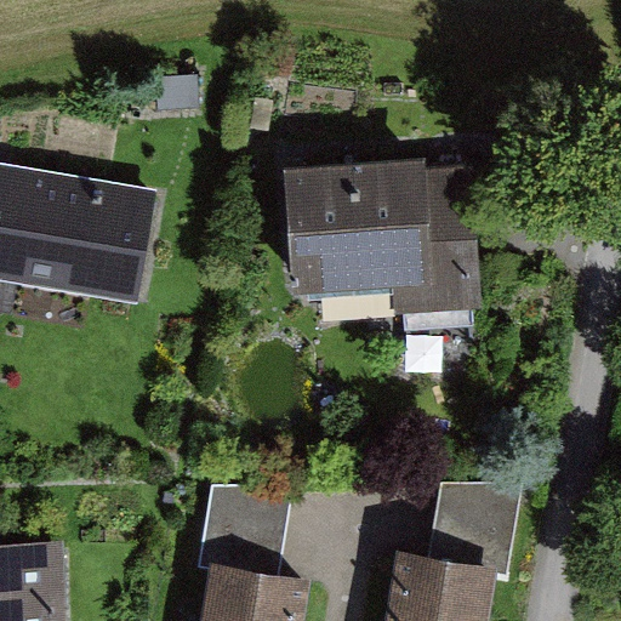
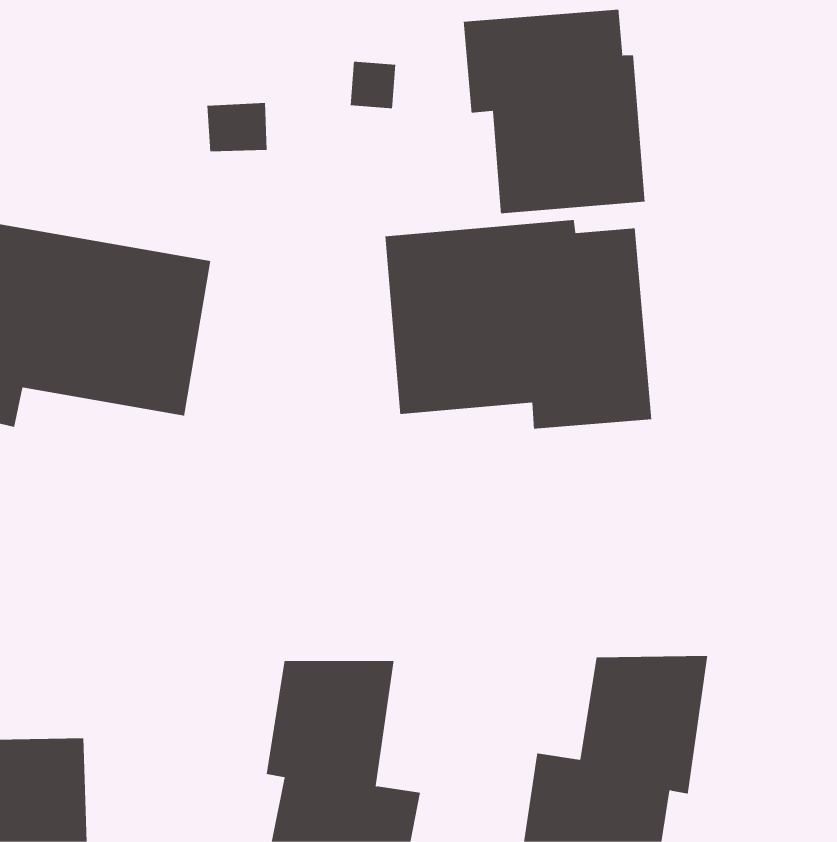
building: none -> [463,9,645,214]

